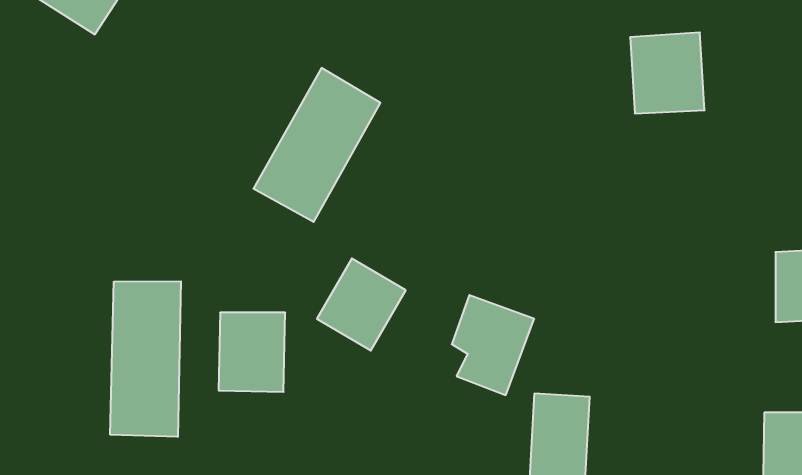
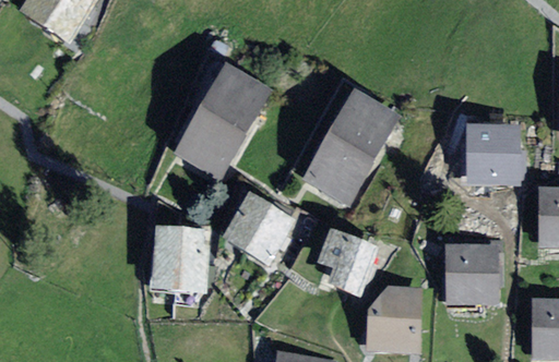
building: [630,32,705,113] -> [464,128,515,183]
building: none -> [311,97,389,191]
building: [110,281,181,437] -> none
building: none -> [448,251,489,300]

